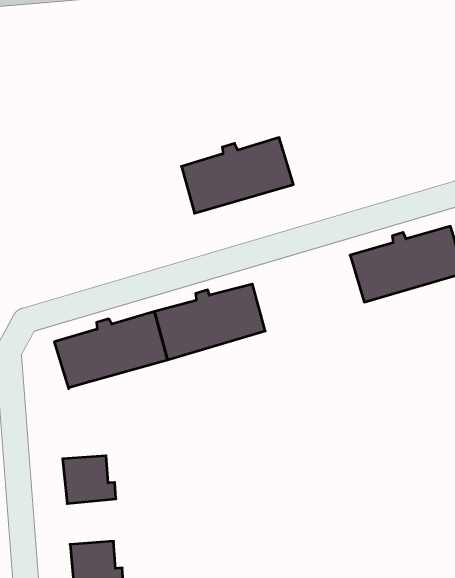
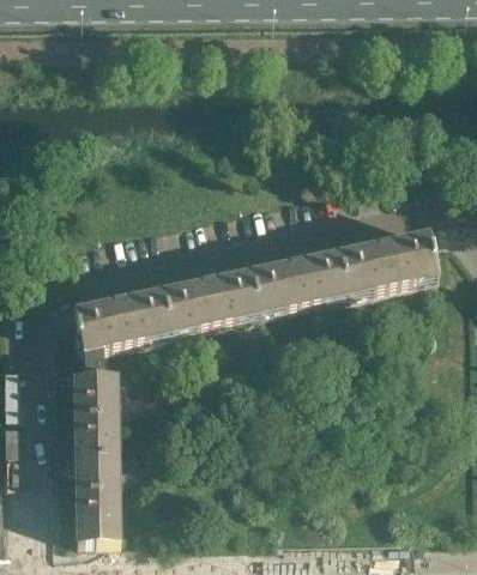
building: [181,138,293,213] -> [252,249,349,310]
building: none -> [74,344,117,410]
building: none -> [67,448,119,485]

